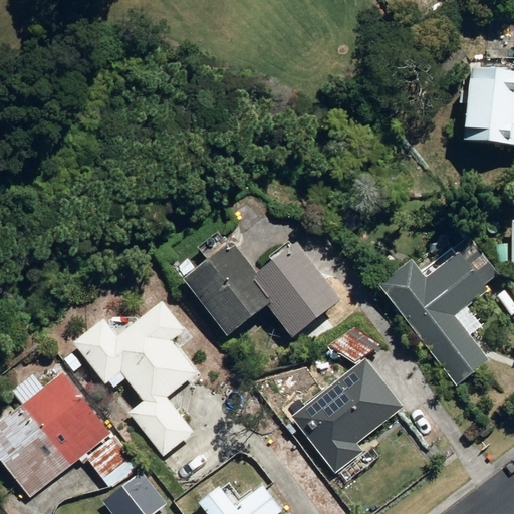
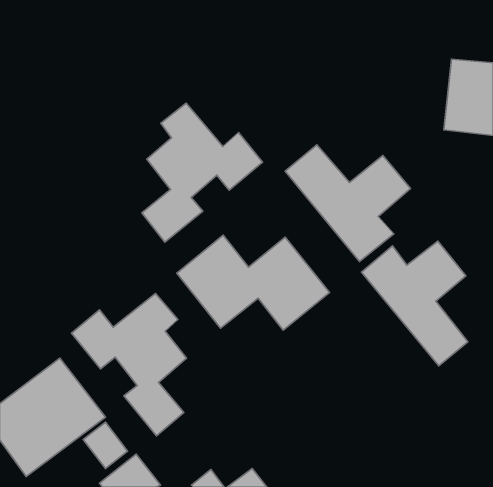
building: none -> [142,103,263,242]
building: none -> [285,145,411,262]
building: [292,361,403,473] -> none

